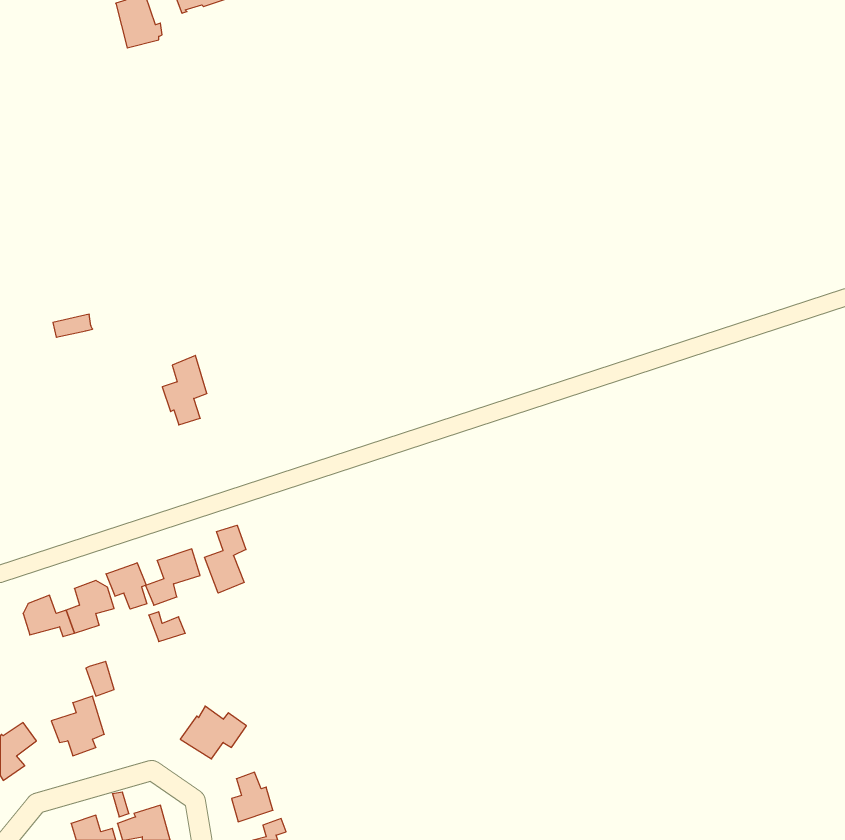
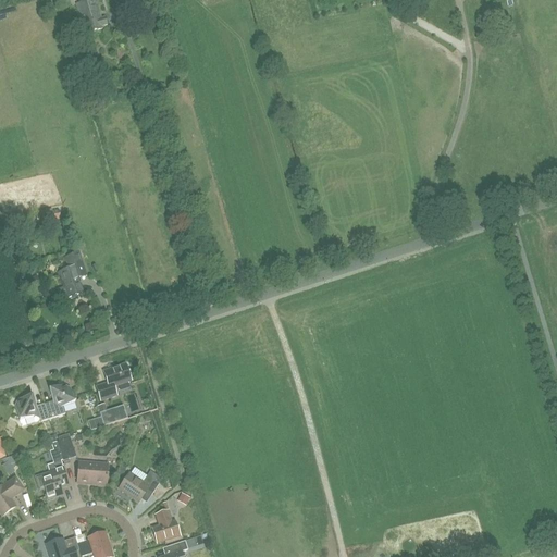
building: [162,355,207,425] -> [58,249,87,295]
building: [205,525,246,593] -> none
building: [106,563,147,609] -> none
building: none -> [77,460,108,483]

